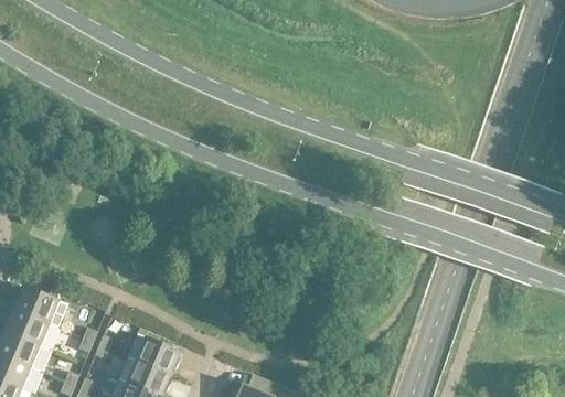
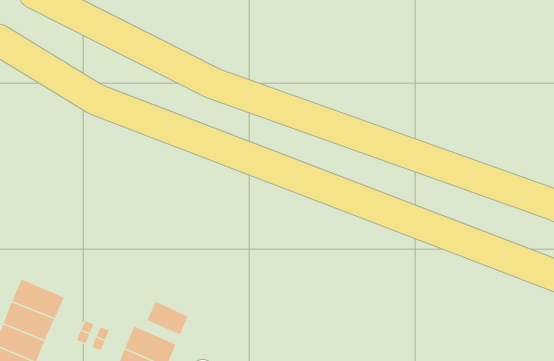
building: none -> [146,300,189,335]

